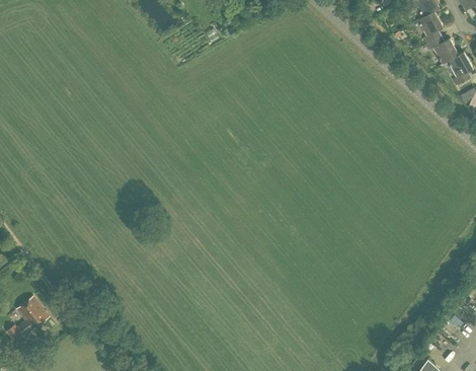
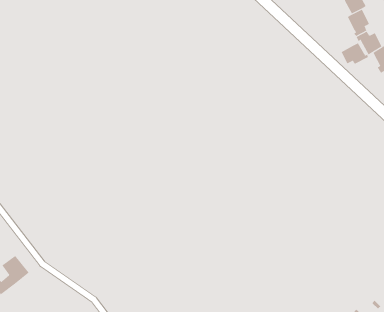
building: none -> [341,42,368,64]

